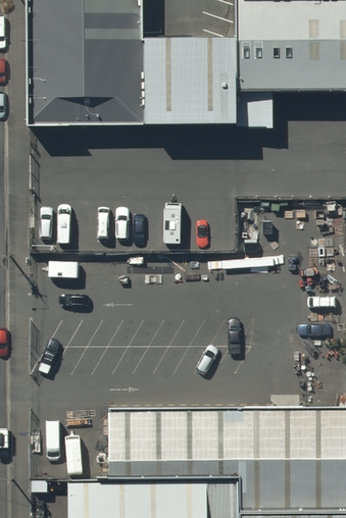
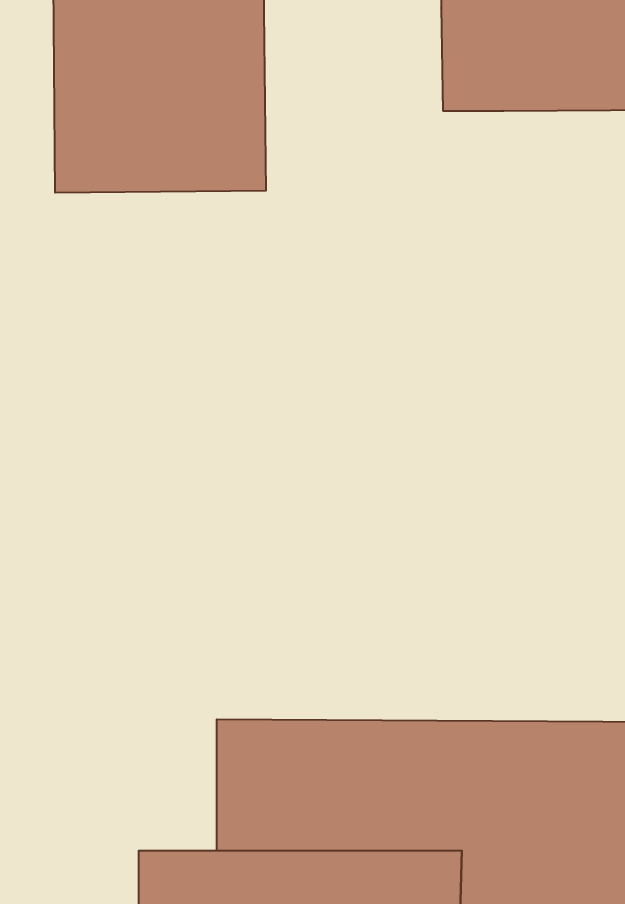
building: [145,29,275,126] -> none

